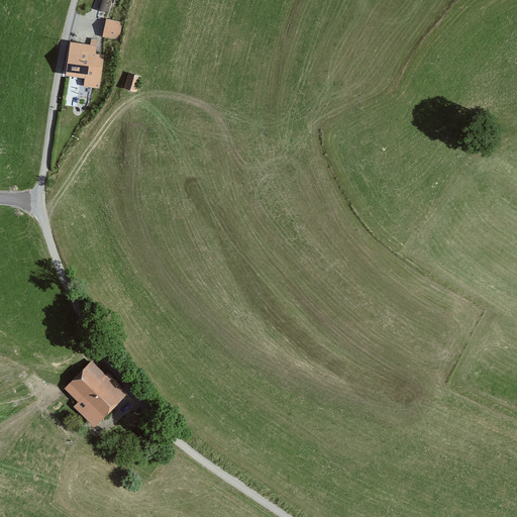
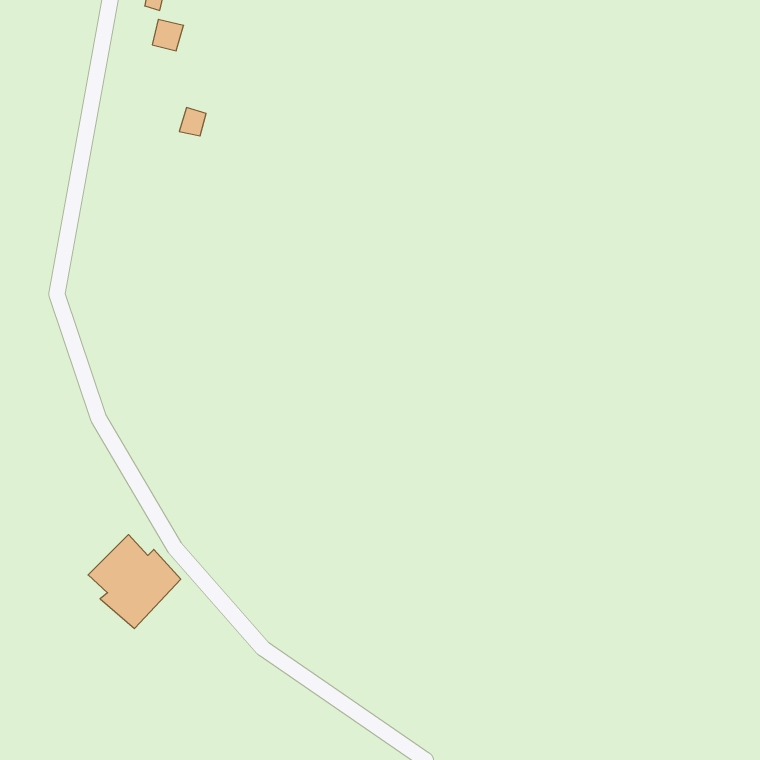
building: [67,43,108,88] -> none

